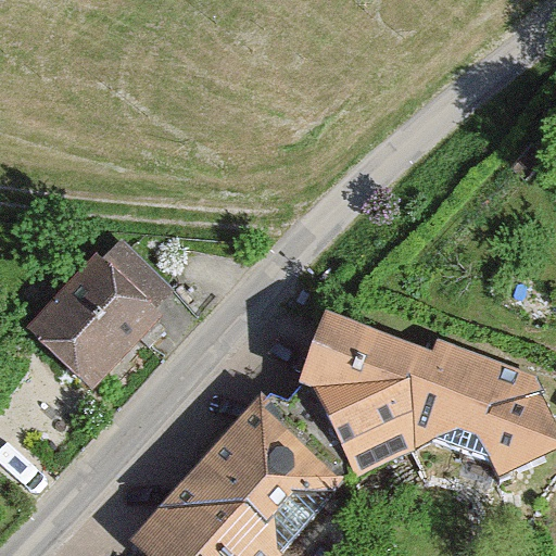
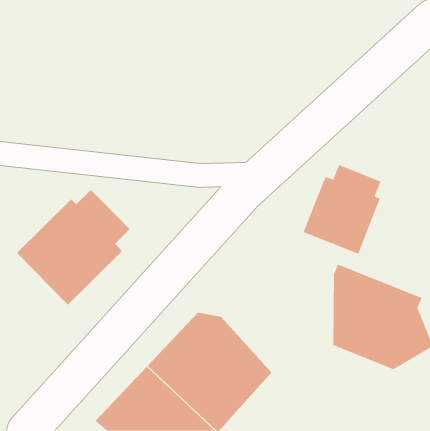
building: none -> [303,164,381,254]
building: [288,308,431,477] -> none

